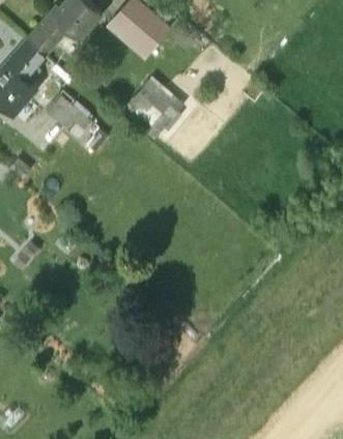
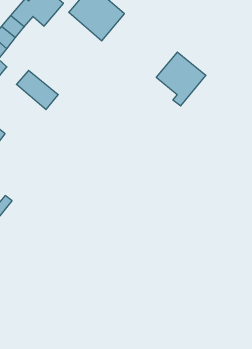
building: [126,76,185,140] -> [156,52,206,106]

